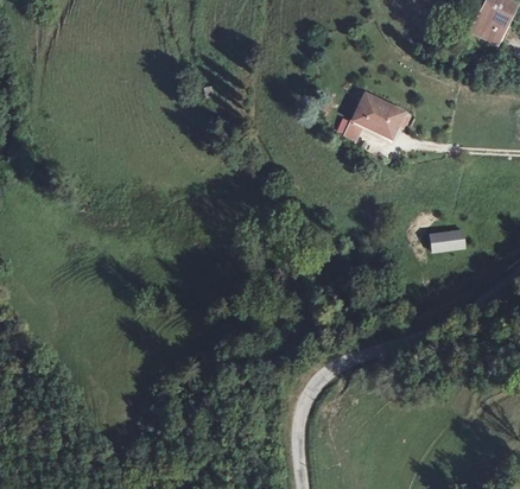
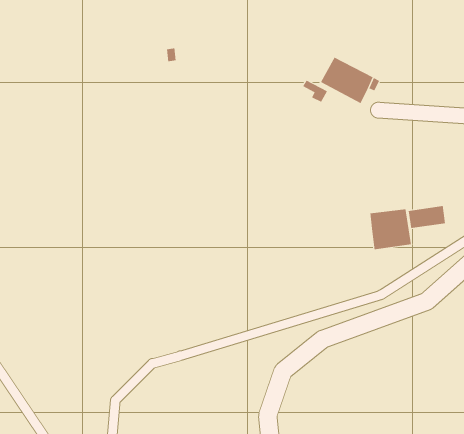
building: none -> [370,208,411,250]

